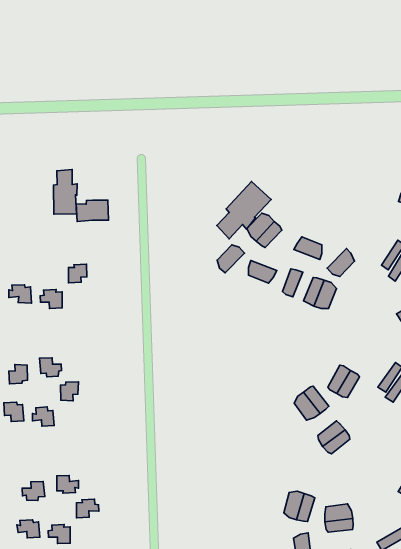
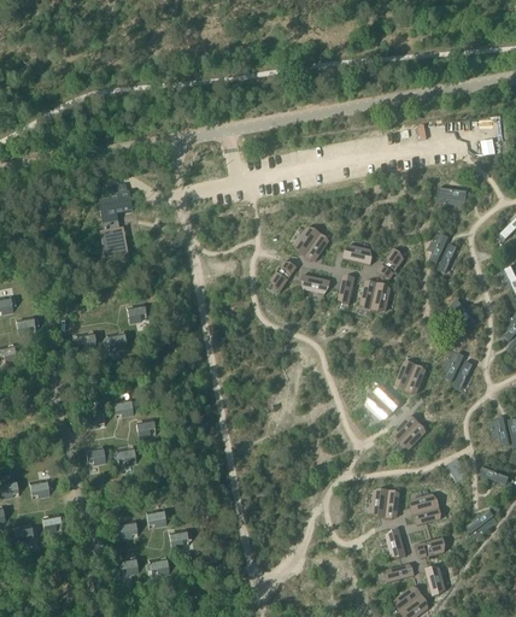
building: [217,181,271,239] -> none
building: [76,200,109,222] -> [99,192,133,217]

